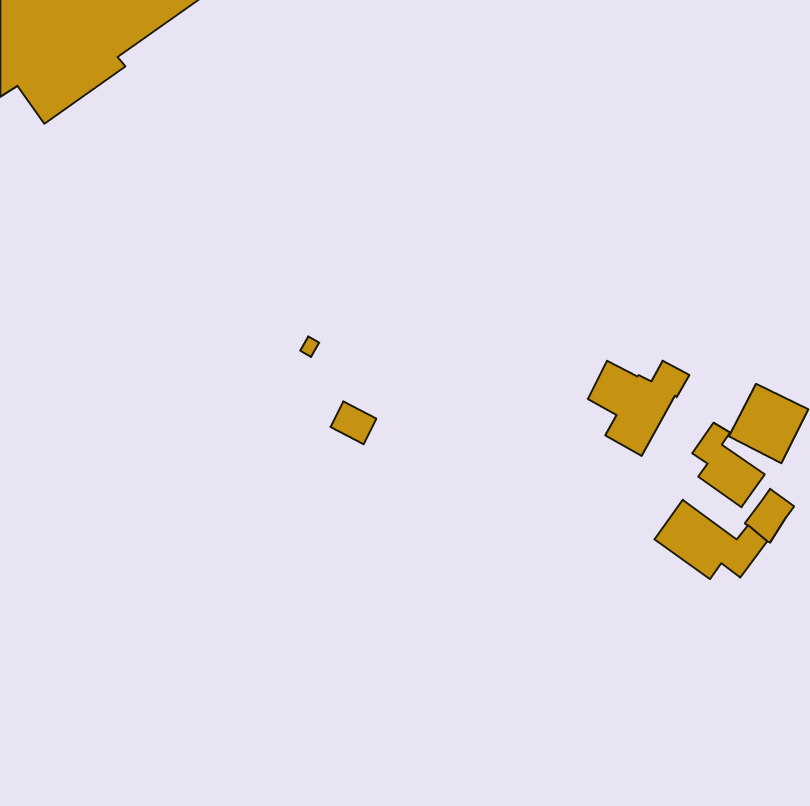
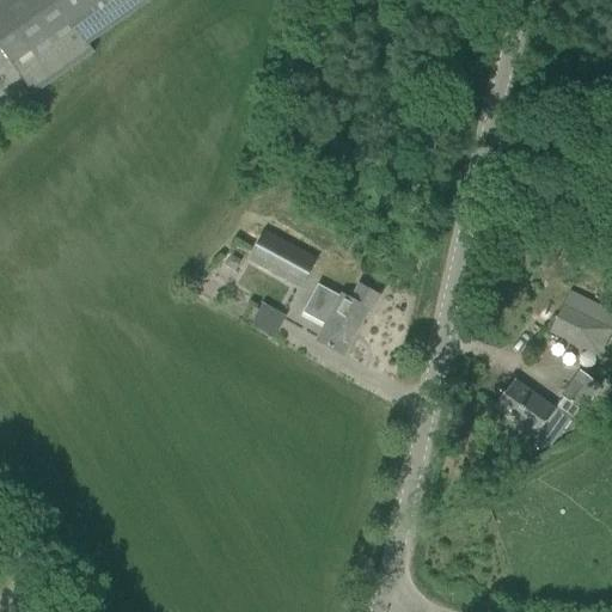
building: none -> [249,232,316,289]
building: [588,361,689,456] -> [304,282,380,354]
building: [692,423,765,507] -> none

